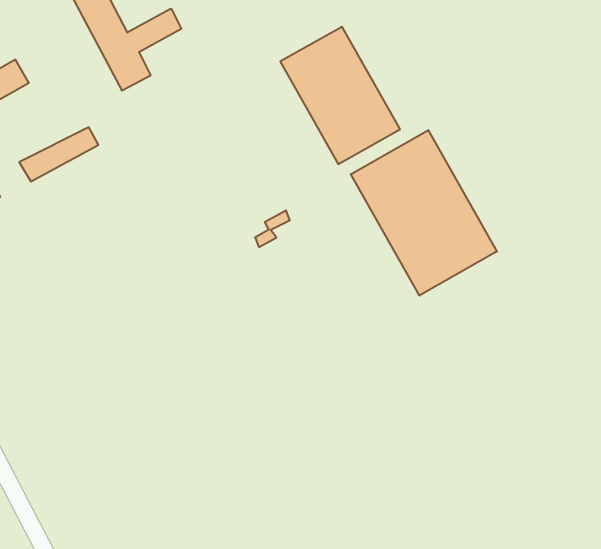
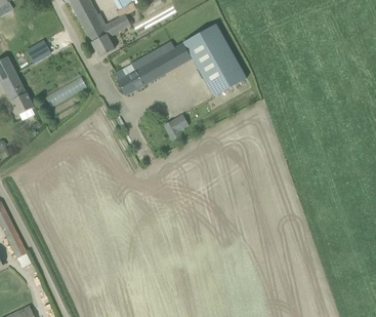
building: none -> [115,41,177,94]
building: [351,130,497,296] -> none

